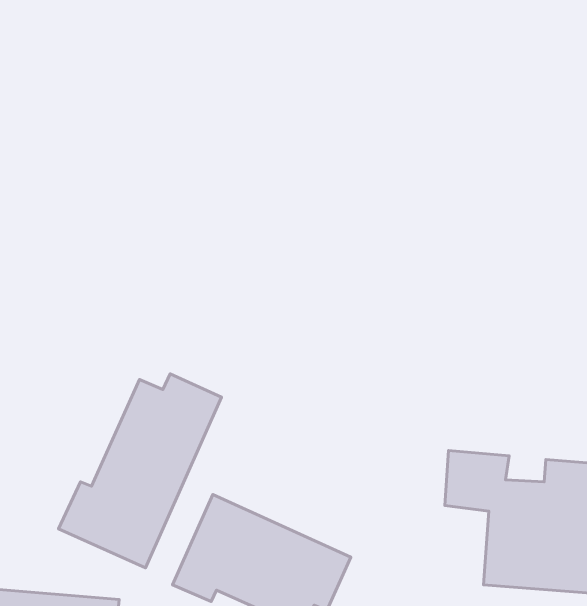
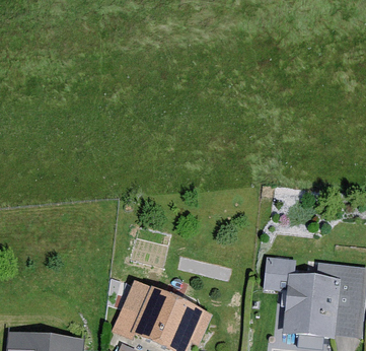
building: [59,374,221,568] -> none

